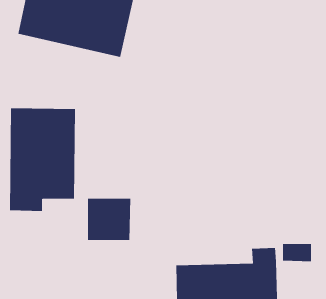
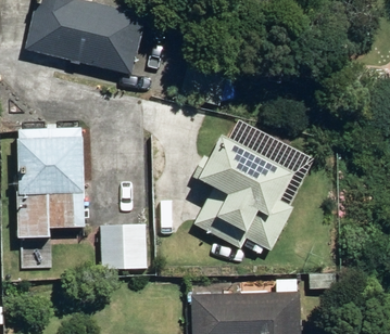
building: none -> [188,132,298,258]

